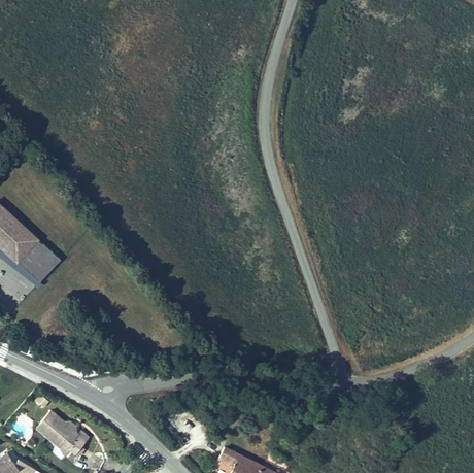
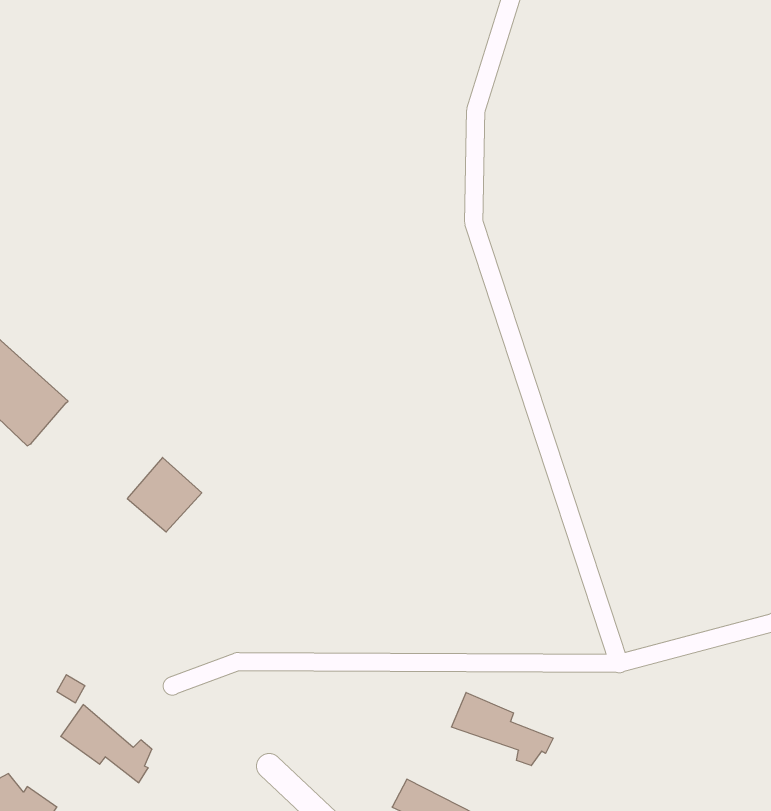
building: [19,242,60,283] -> [127,457,202,532]
building: none -> [451,692,553,766]

